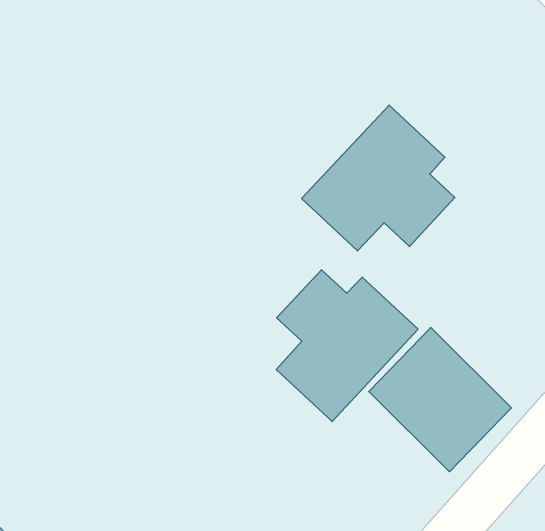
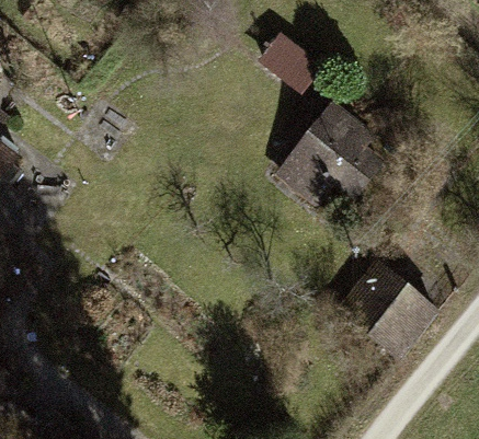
building: [276,270,418,422] -> none

